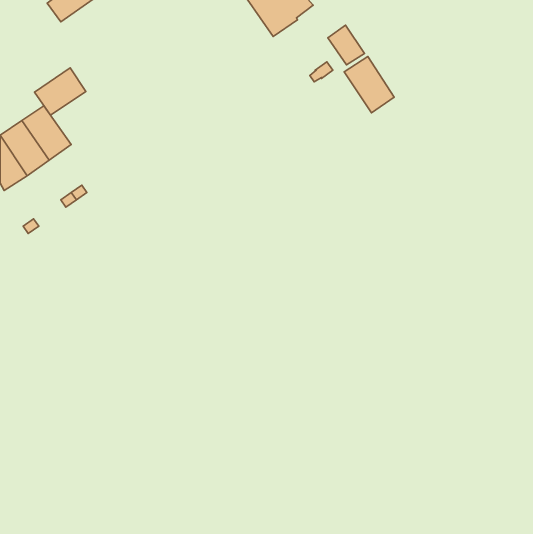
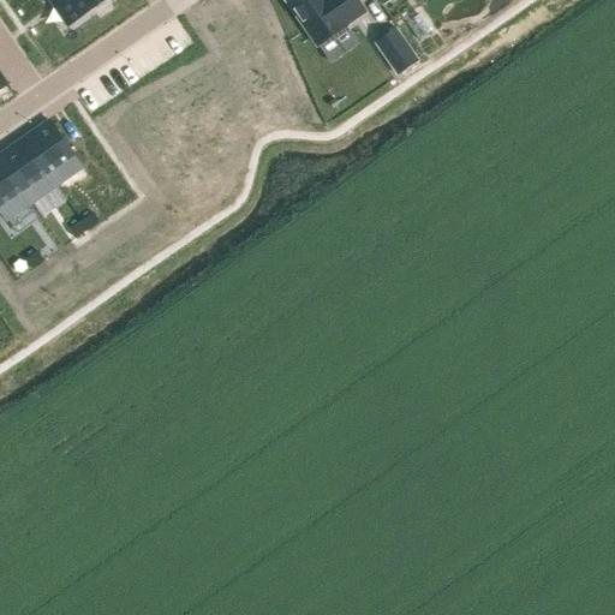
building: [344,57,394,113] -> none
building: [34,68,86,115] -> none

